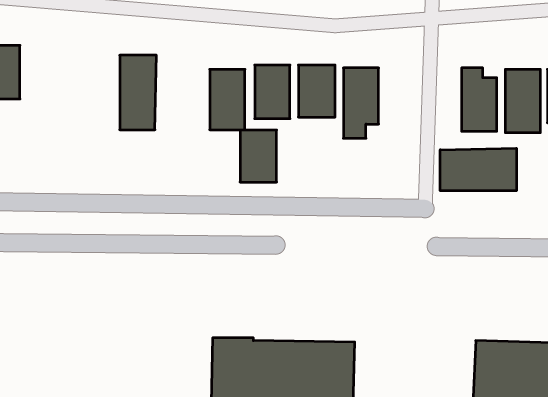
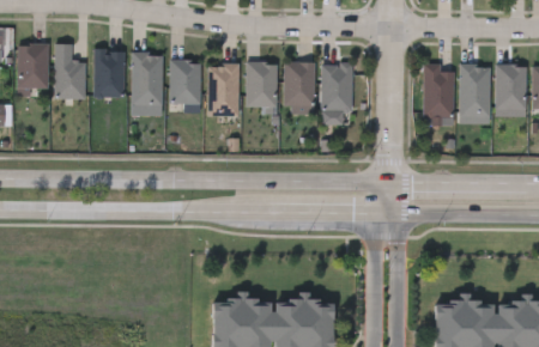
building: none -> [54,45,85,99]
building: none -> [93,50,125,99]
building: [240,130,277,182] -> [170,61,201,105]
building: [440,148,516,191] -> none

